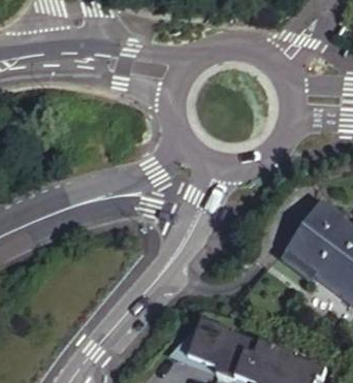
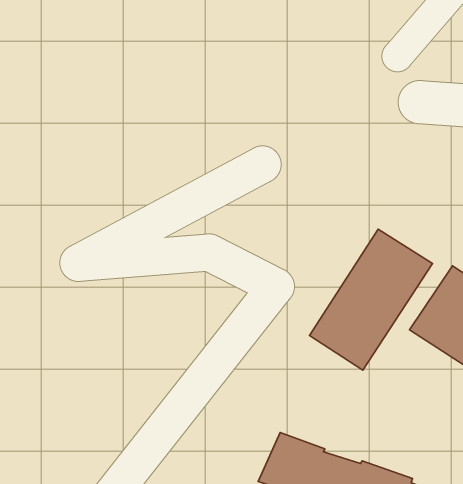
building: none -> [310,229,432,370]

